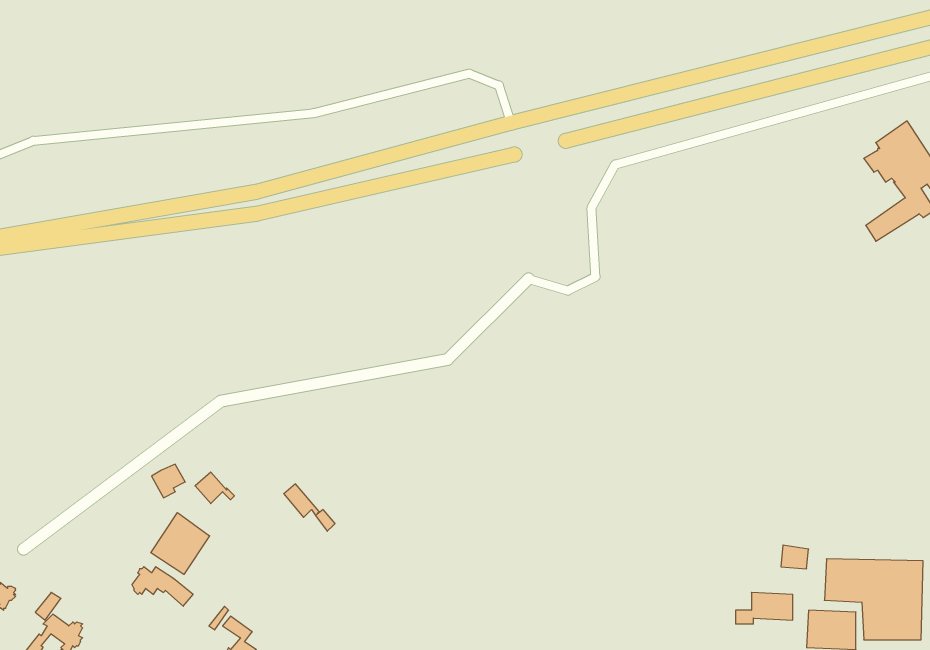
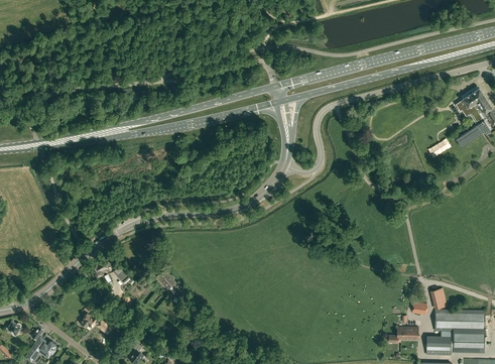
building: [151,513,210,574] -> none

